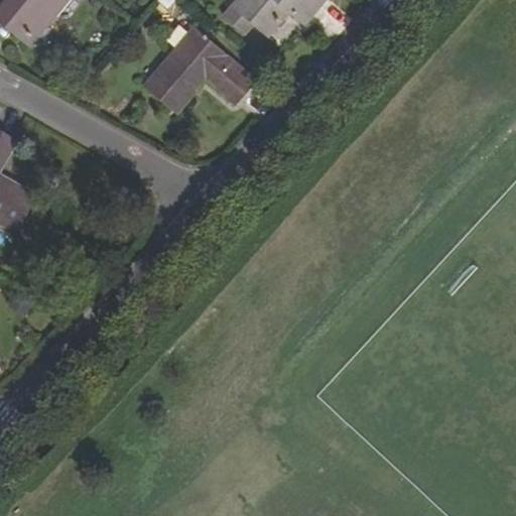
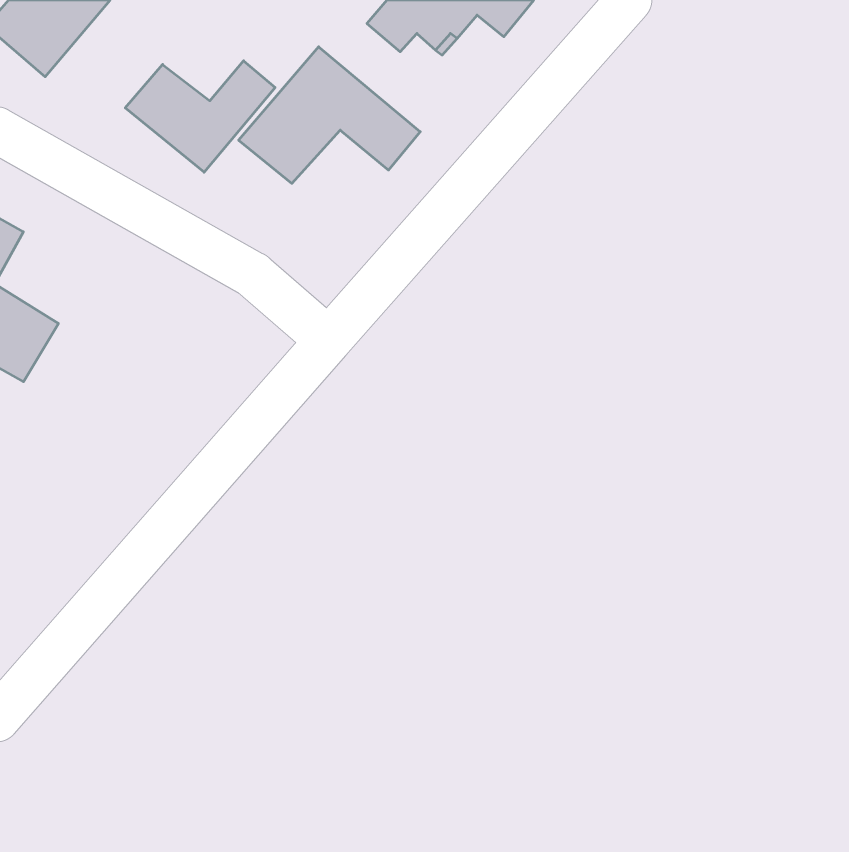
building: none -> [125,61,275,172]

